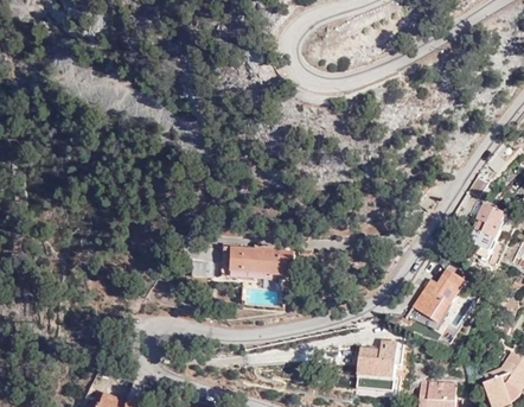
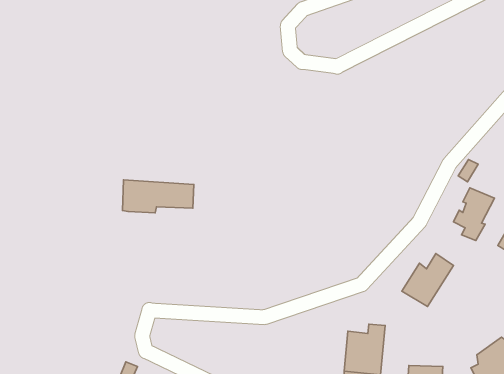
building: [219,244,292,278] -> [122,180,194,213]

